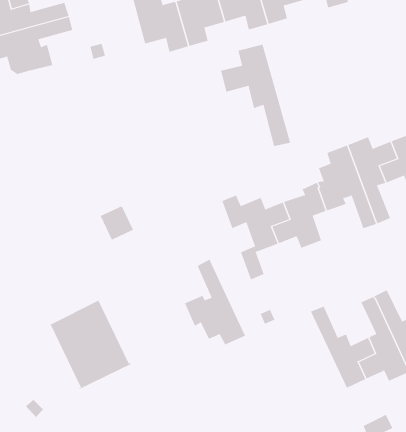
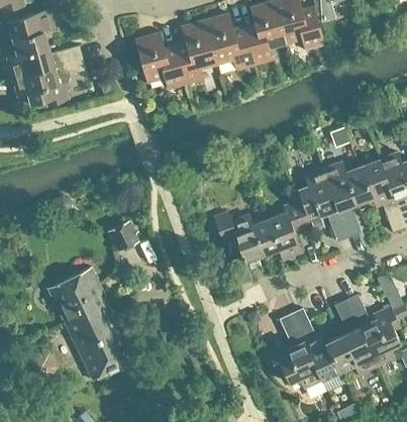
building: [221,44,291,147] -> none
building: none -> [46,267,108,324]
building: [184,259,246,345] -> [269,313,322,388]

